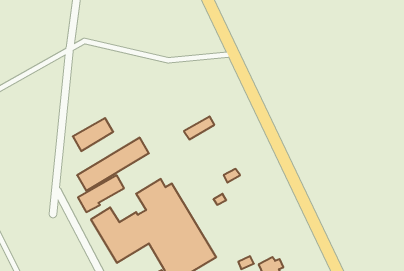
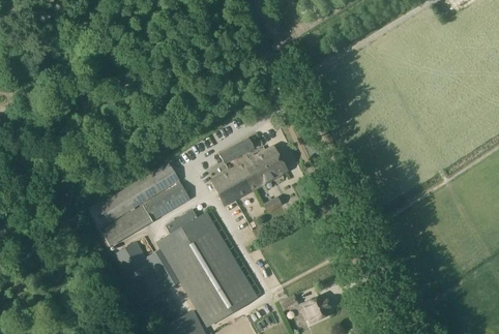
building: [73,118,113,151] -> [145,182,190,219]
building: none -> [211,145,288,205]

